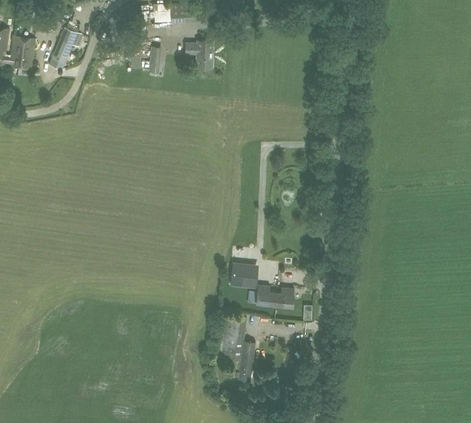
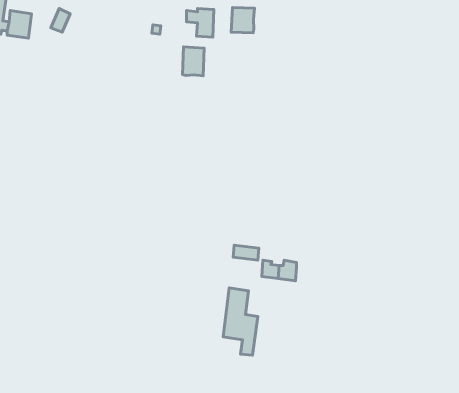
building: none -> [231,7,254,33]
building: none -> [183,47,204,76]

